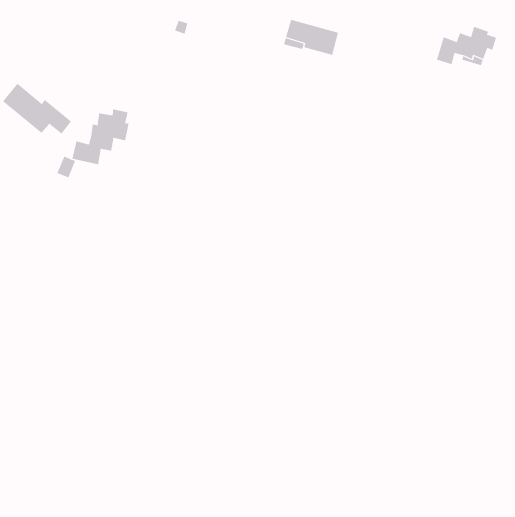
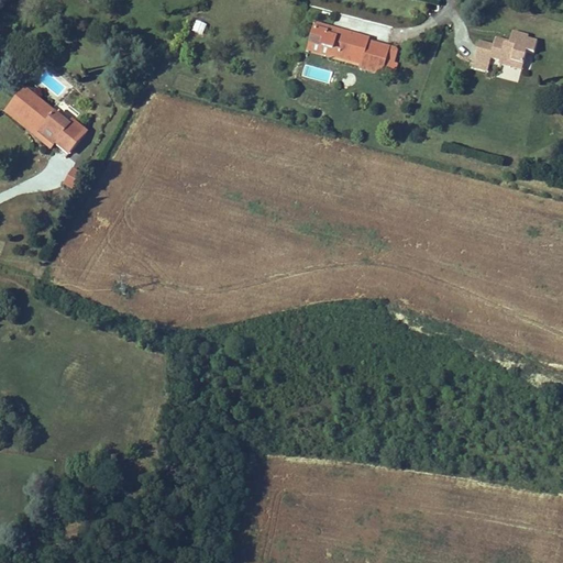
building: none -> [361,35,389,69]
building: [72,109,129,165] -> none

